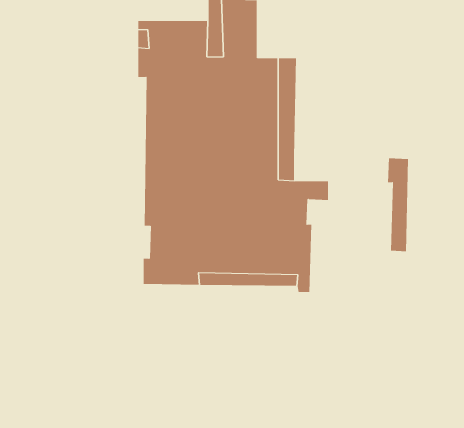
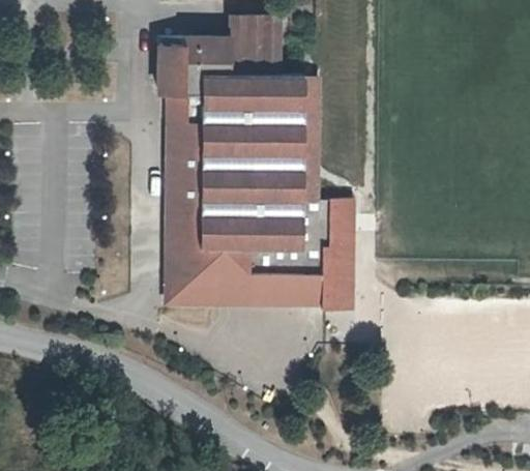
building: [387,158,409,252] -> [329,218,351,313]

